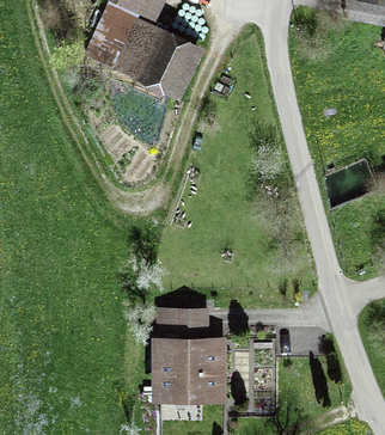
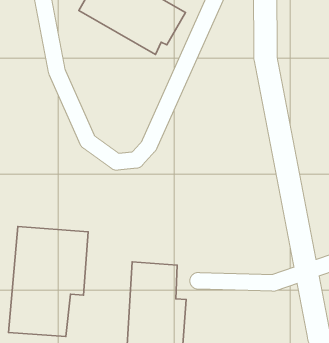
building: none -> [9,227,88,337]

